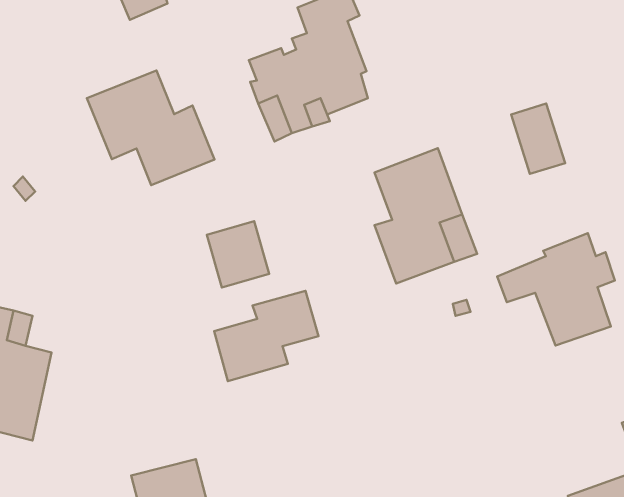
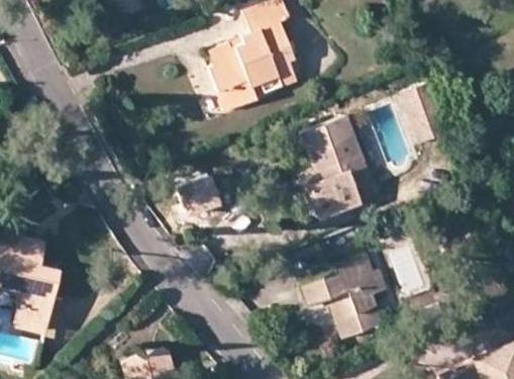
building: [87,70,214,185] -> none
building: [497,233,615,345] -> [299,255,387,339]
building: [214,291,318,381] -> none

